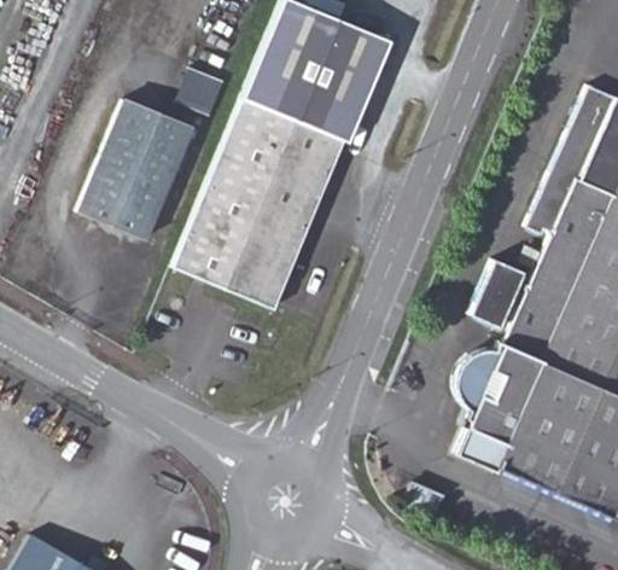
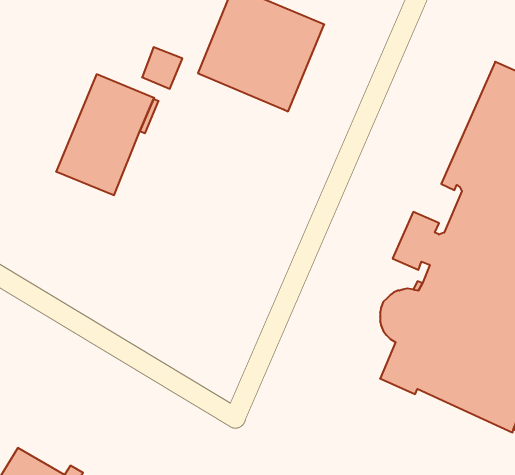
building: [174,98,344,309] -> none

